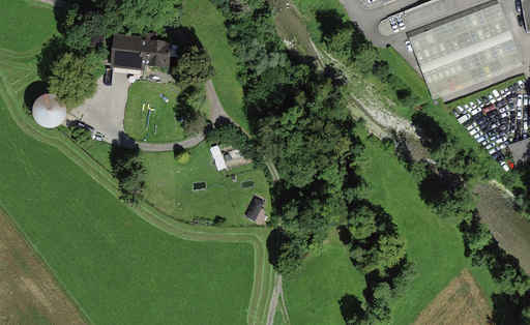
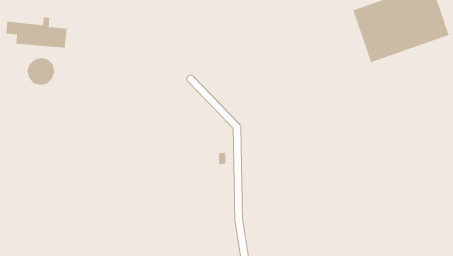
building: [98,31,170,67] -> [6,17,67,48]

